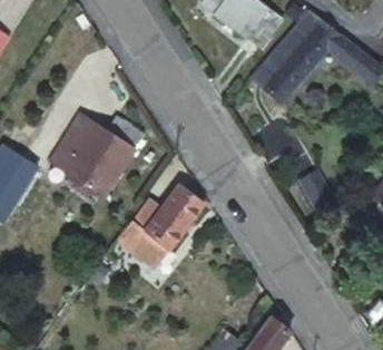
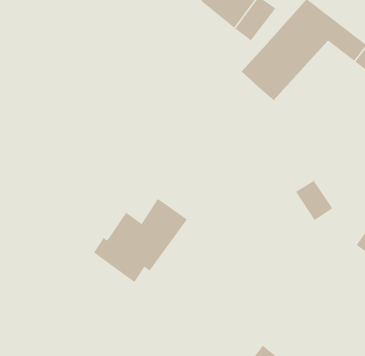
building: [50,114,145,197] -> none

